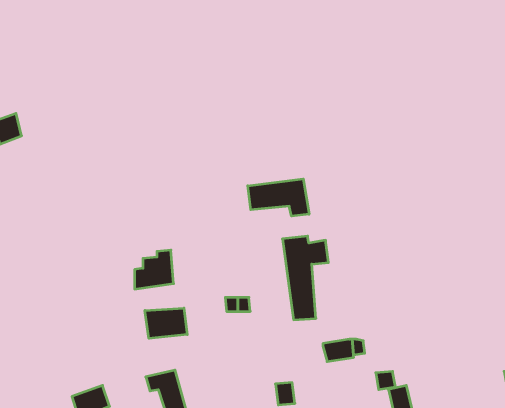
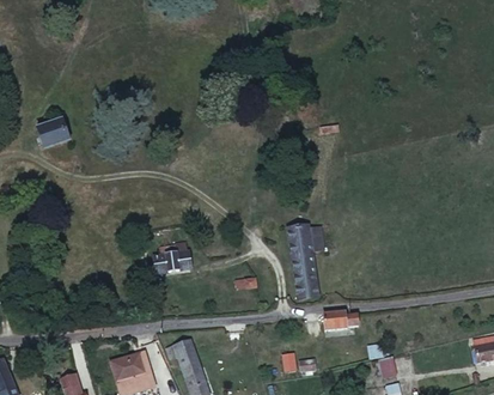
building: [248,179,309,216] -> none
building: [145,308,187,338] -> none

